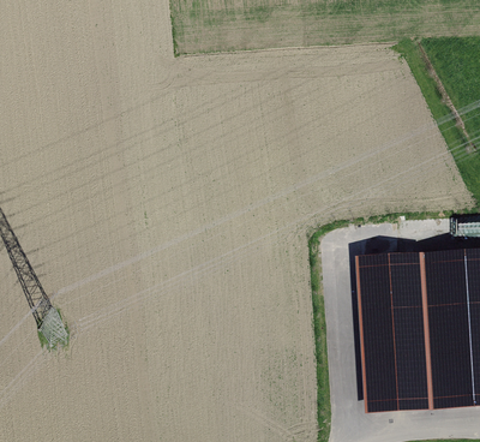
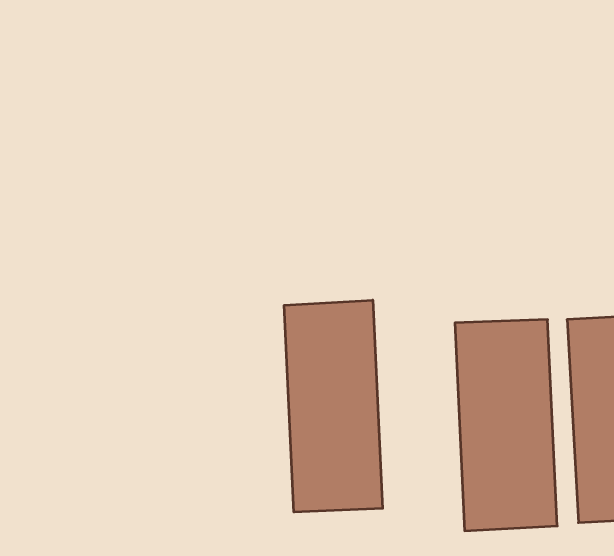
building: none -> [284,300,383,512]

